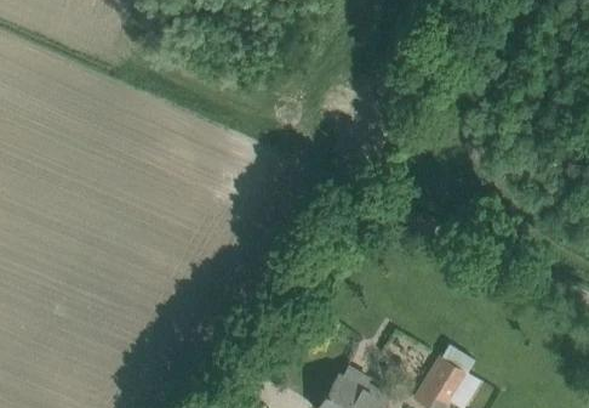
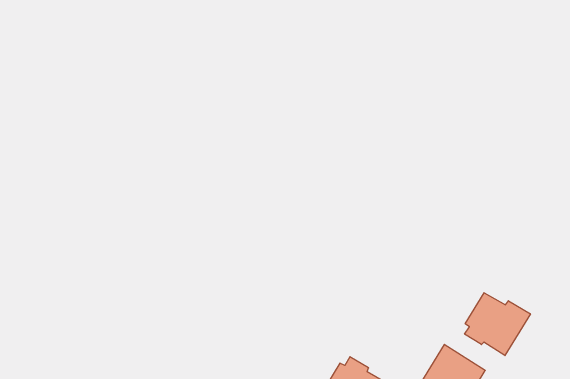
building: none -> [465,293,530,356]

